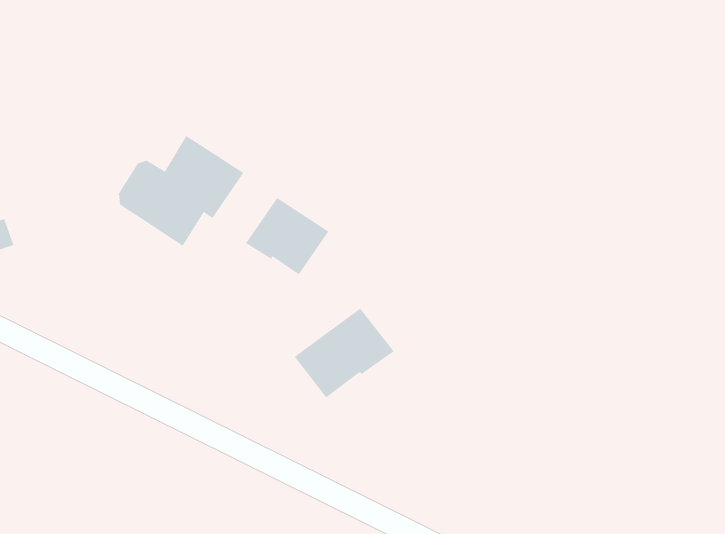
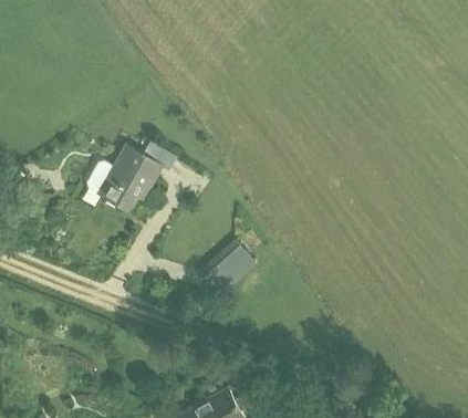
building: [245,197,329,275] -> none

